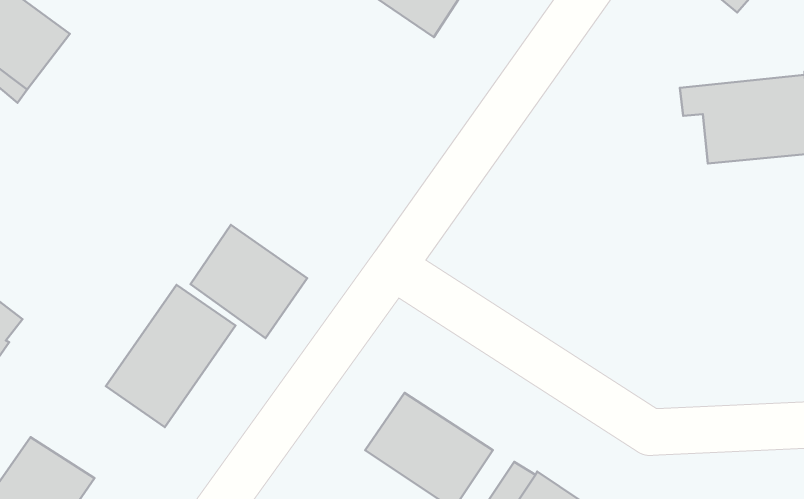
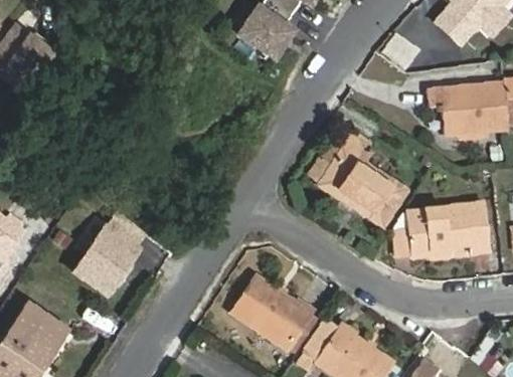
building: none -> [308,136,404,225]
building: [191,225,307,338] -> none
building: none -> [391,201,491,256]

